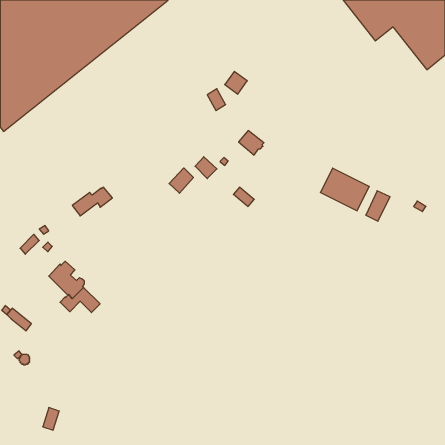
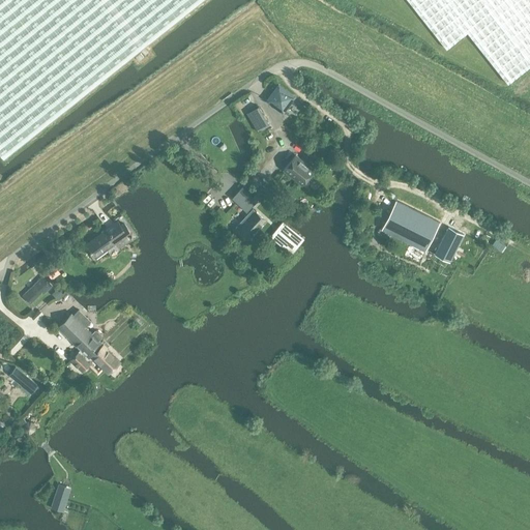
building: [169,168,193,193] -> [235,208,264,238]

